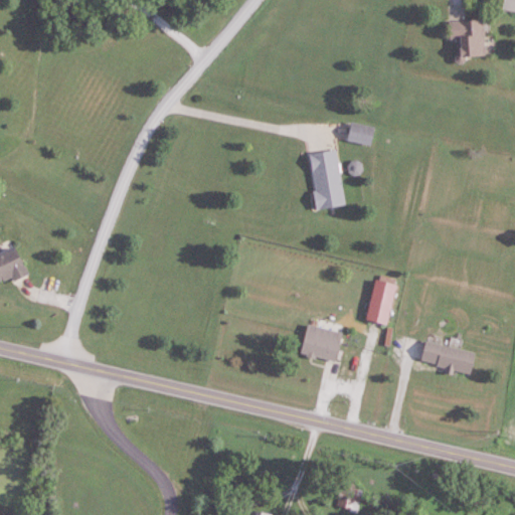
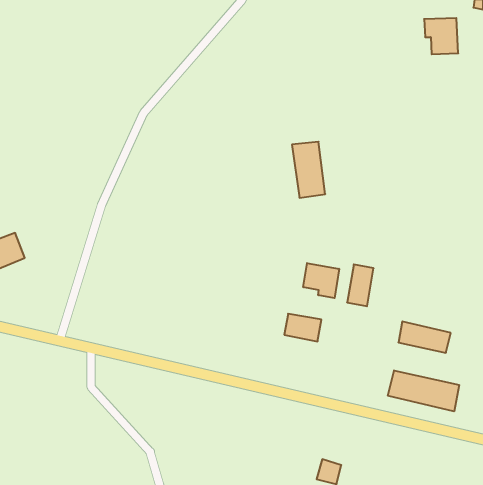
building: [347,122,374,145] -> none
building: none -> [303,263,339,298]
building: none -> [388,370,459,411]

